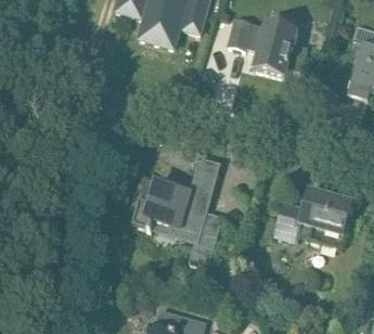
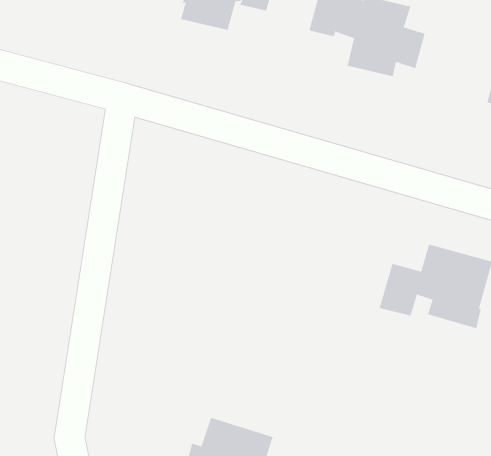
building: [133,157,223,267] -> none

